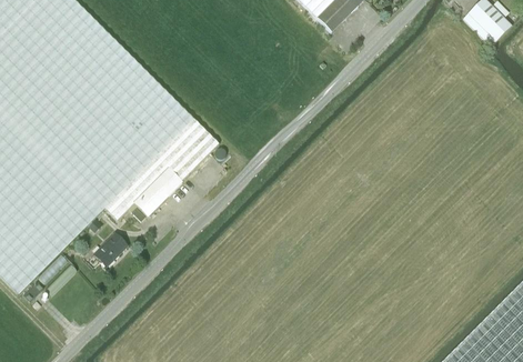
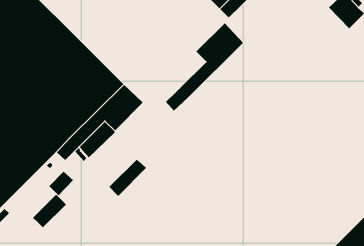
building: none -> [165,23,244,112]
building: none -> [108,159,147,197]
building: none -> [32,194,67,228]

